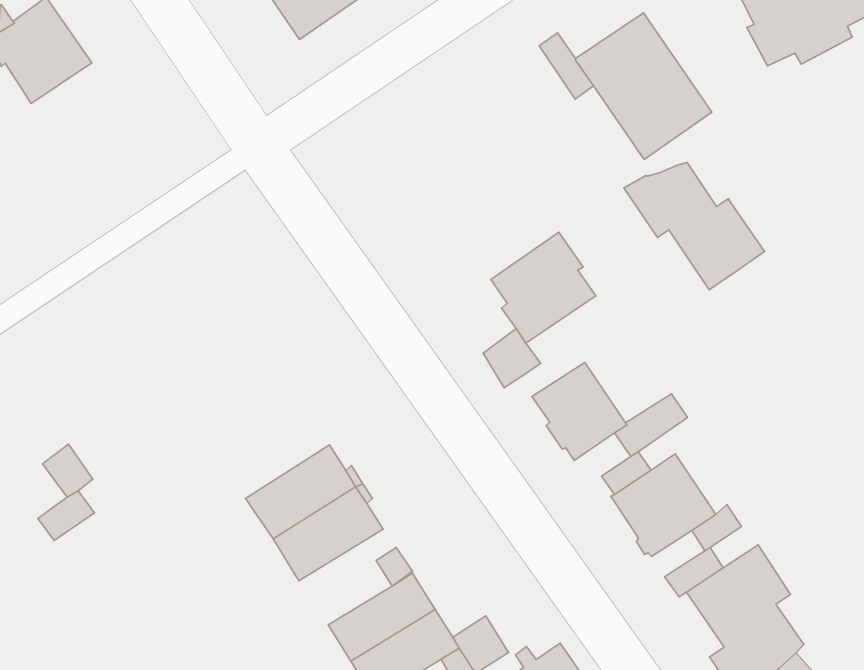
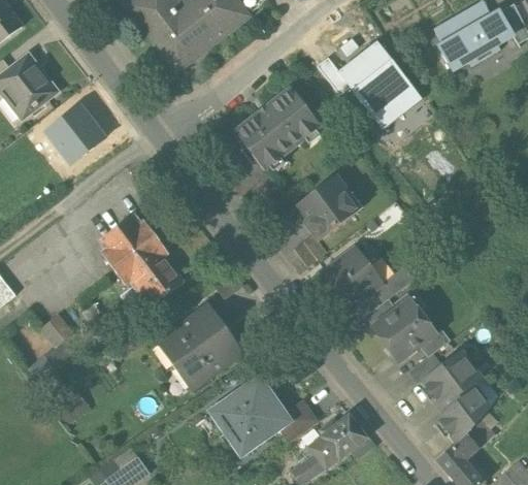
building: none -> [234,88,320,169]
building: none -> [45,105,104,163]
building: [624,162,765,290] -> none
building: none -> [99,215,183,306]

